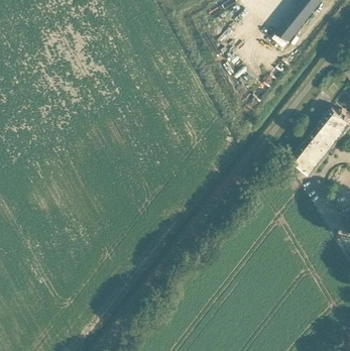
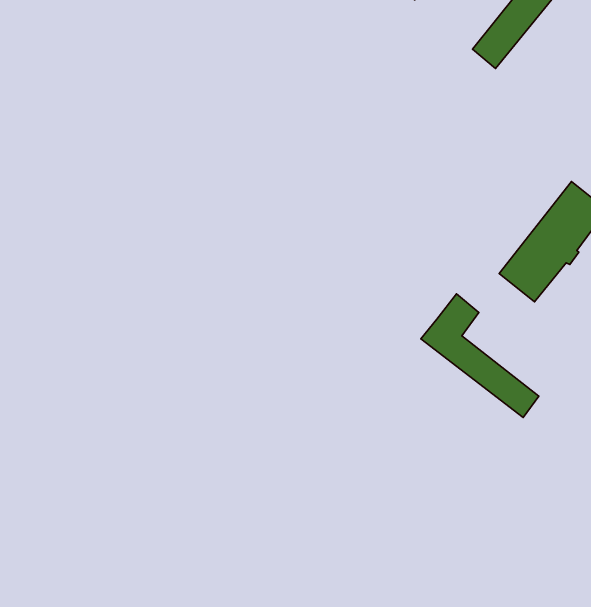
building: none -> [421,294,539,418]

